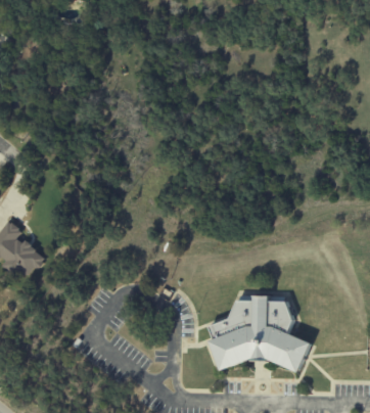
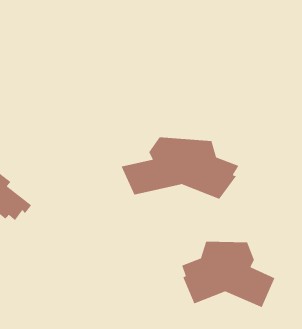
building: none -> [120,137,240,200]

